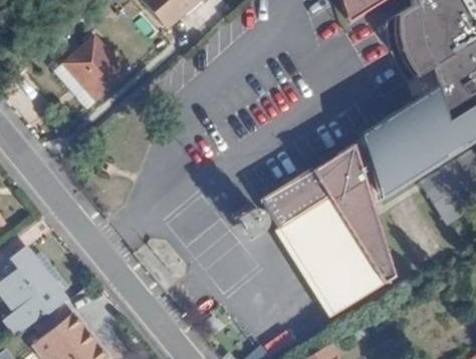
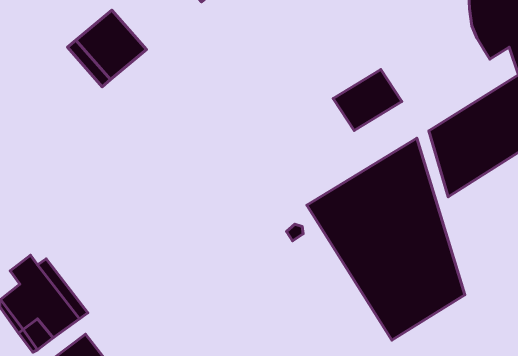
building: none -> [333,70,402,131]

